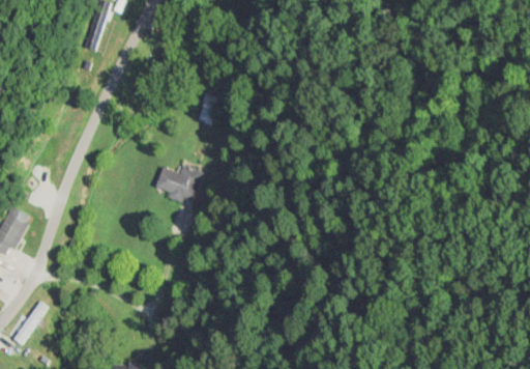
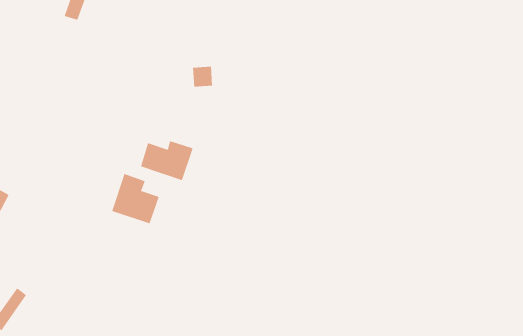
building: none -> [111,173,159,224]

